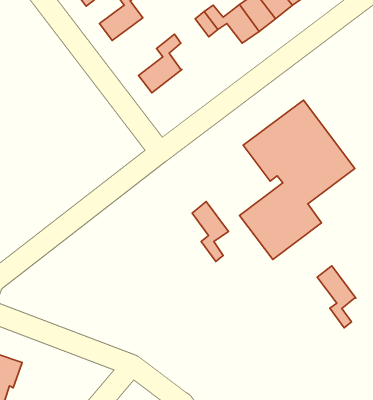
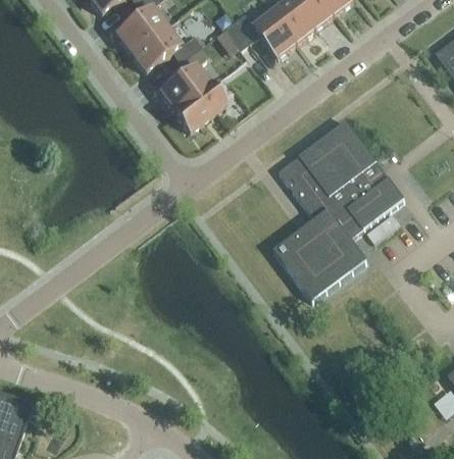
building: none -> [130,27,200,71]
building: none -> [172,84,223,131]
building: [192,202,229,262] -> none
building: [317,266,356,328] -> none

